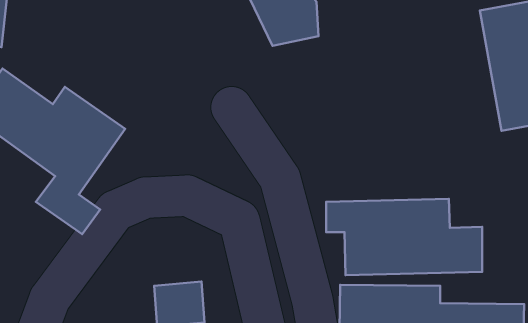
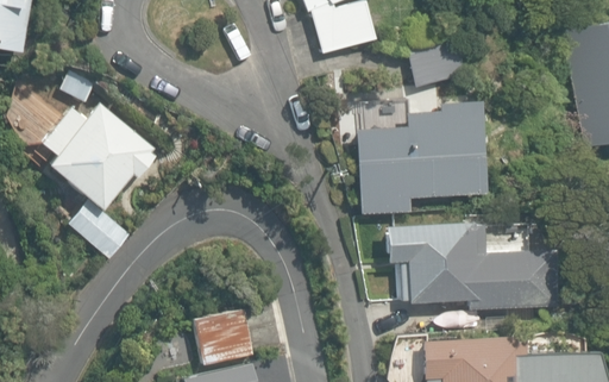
building: none -> [407,39,469,92]
building: none -> [359,96,470,213]

